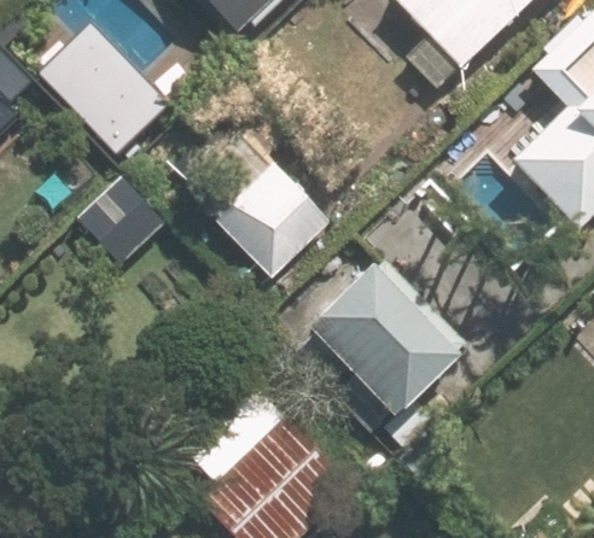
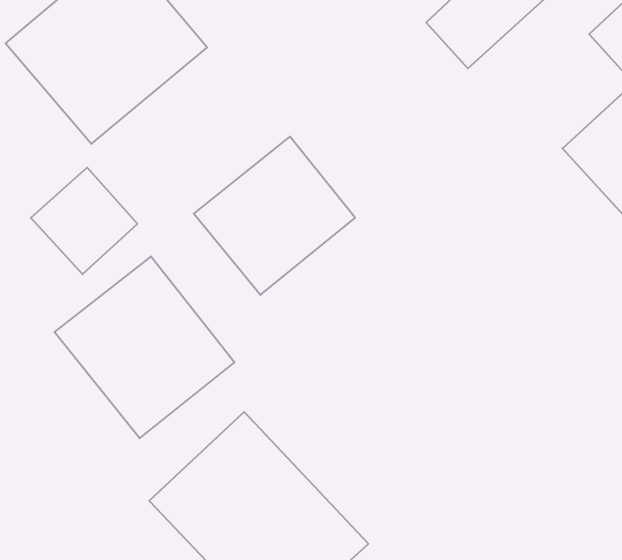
building: none -> [54,256,234,438]
building: [315,251,471,409] -> none

